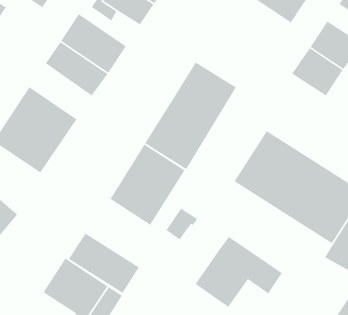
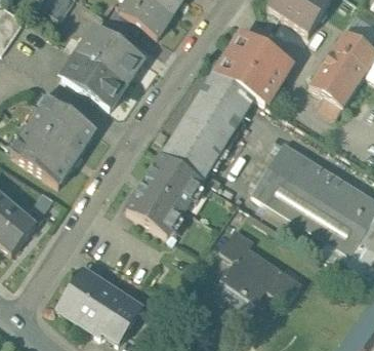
building: none -> [216,32,291,105]
building: [165,208,198,240] -> [220,229,253,262]
building: [68,233,140,294] -> none

